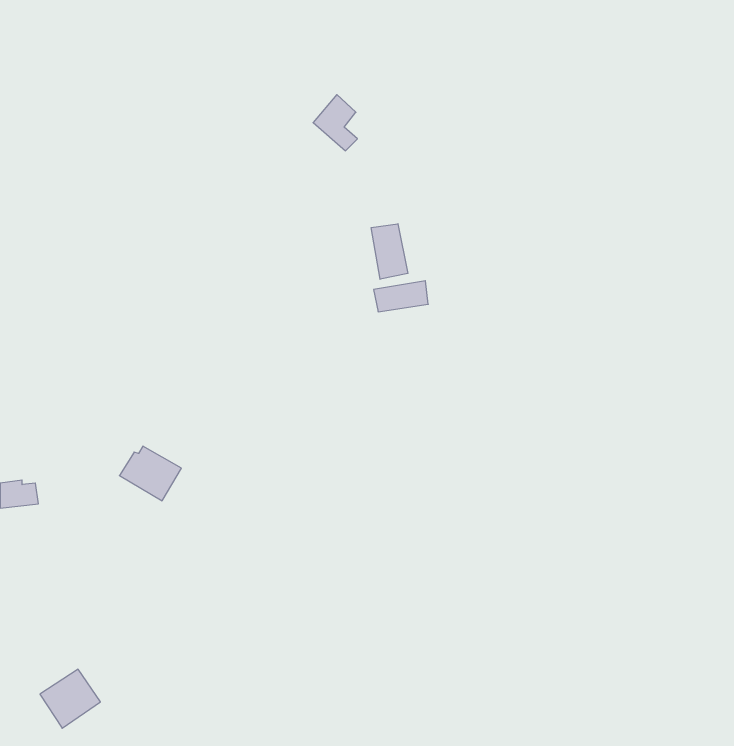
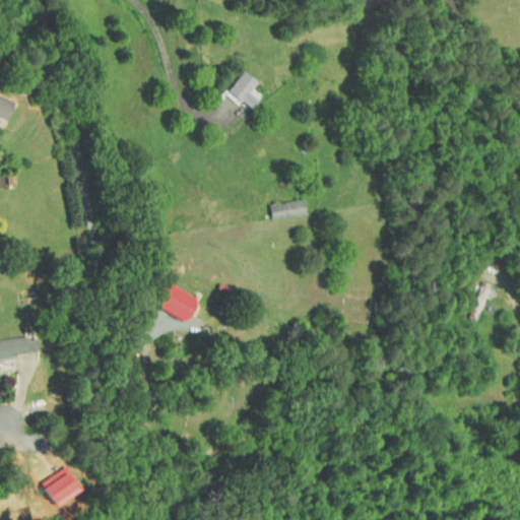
building: [371,224,408,279] -> none
building: [119,446,181,501] -> [155,283,198,321]

